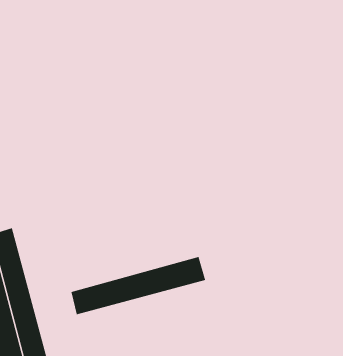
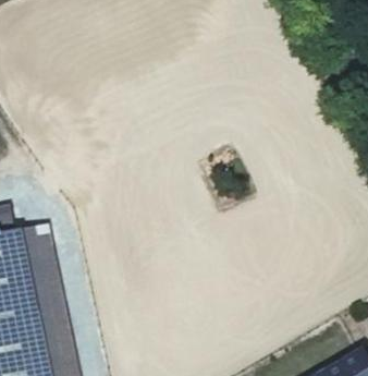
building: [71,256,206,315] -> none

